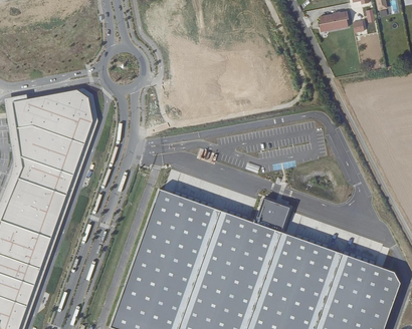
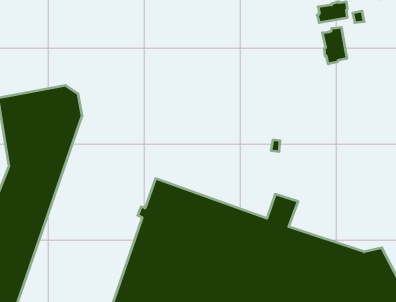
building: none -> [322,27,347,64]

